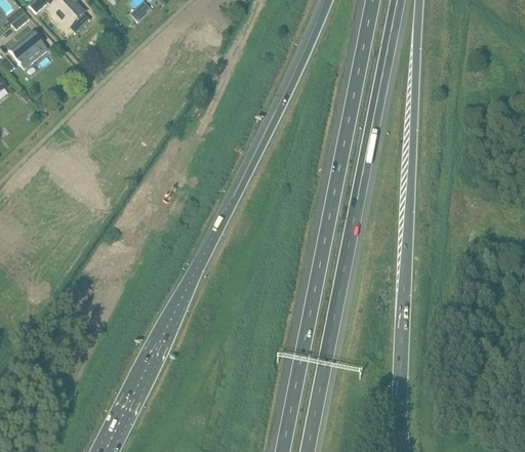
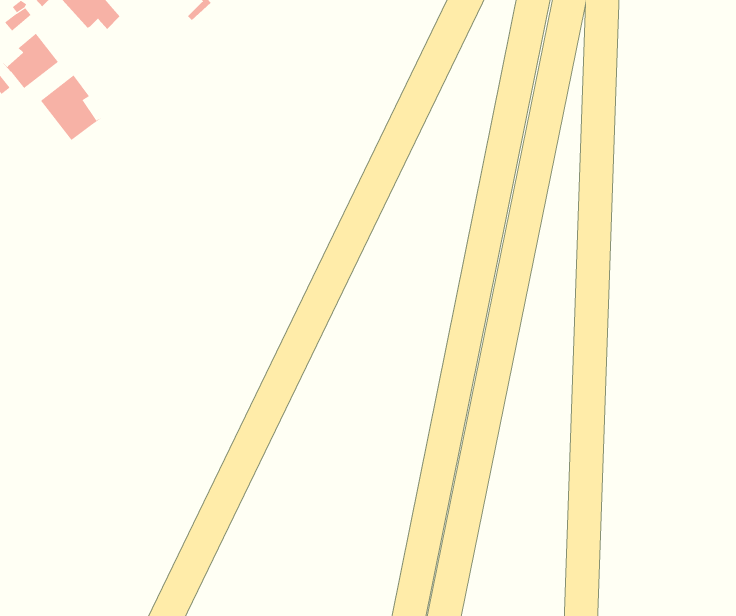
building: none -> [40,74,105,141]

